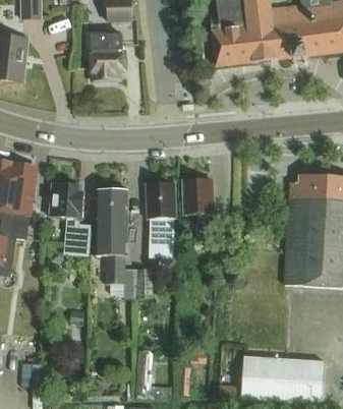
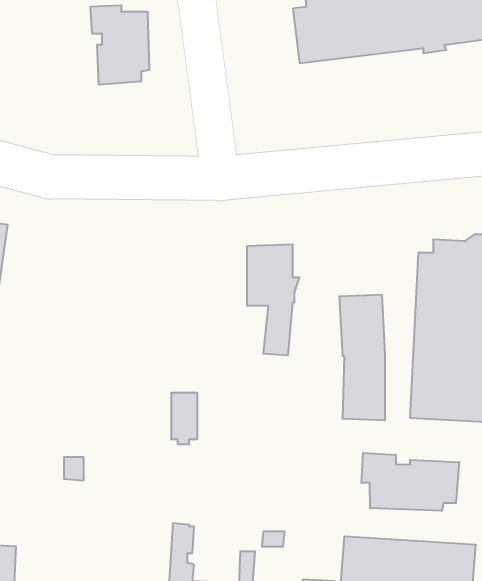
building: [51,181,92,255] -> none
building: [148,181,176,258] -> [339,295,385,420]
building: [97,185,127,296] -> none
building: none -> [362,453,459,511]

